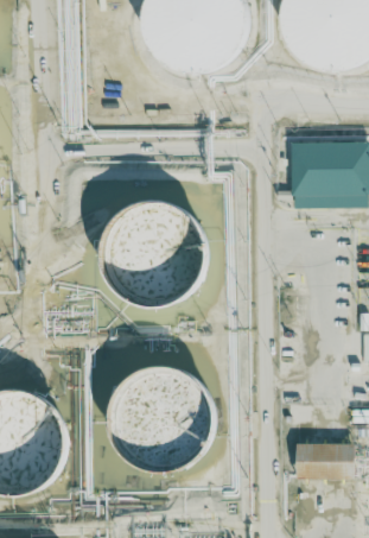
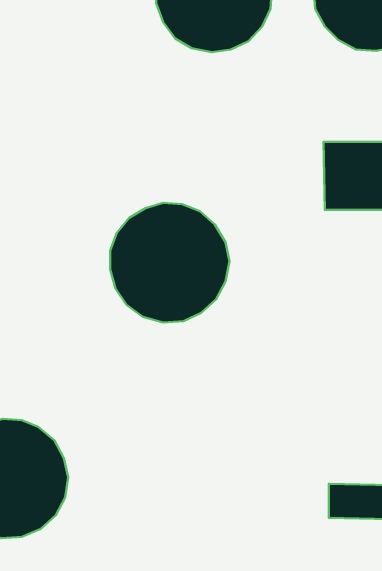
building: [108,367,212,470] -> none

